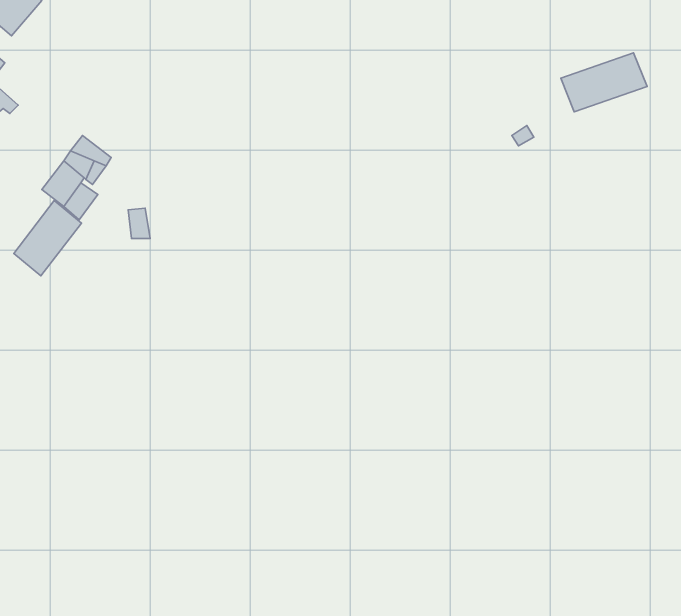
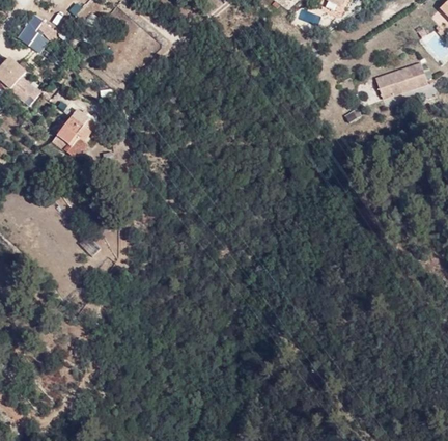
building: [14,201,81,276] -> none

